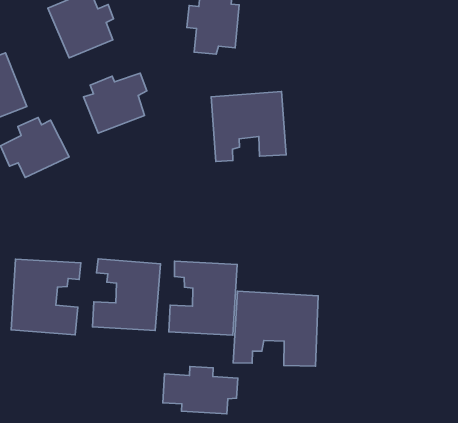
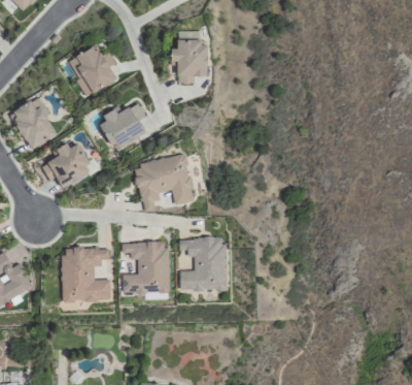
building: [211,91,286,162] -> [135,155,195,212]
building: [233,291,318,366] -> none
building: [163,367,238,414] -> none

